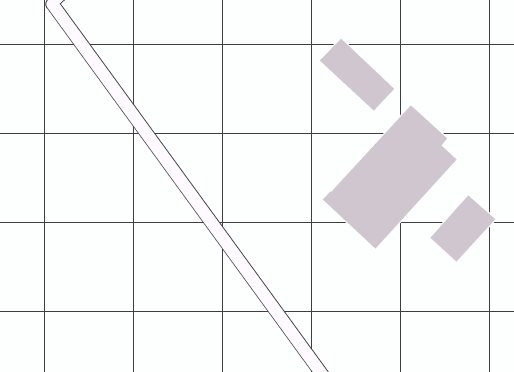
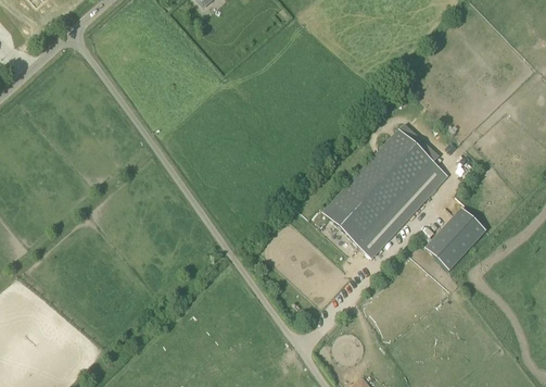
building: [319,38,395,112] -> none

